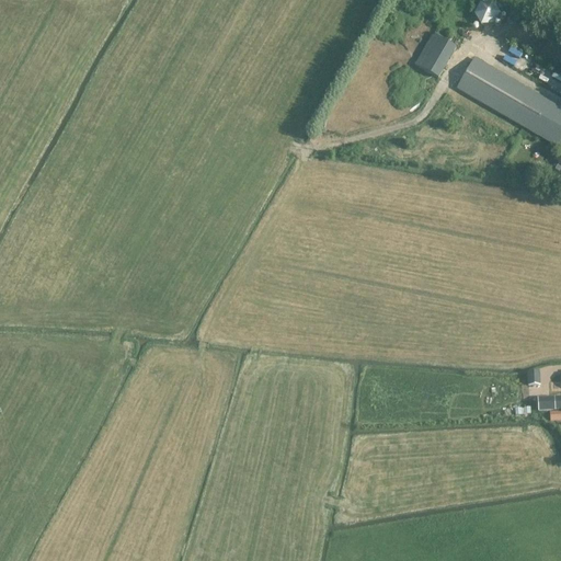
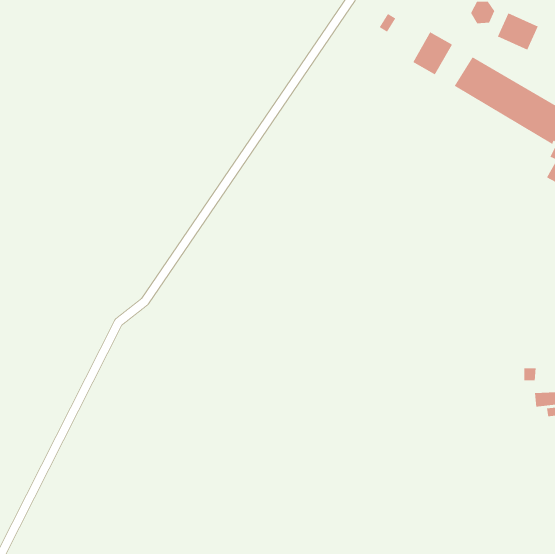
building: none -> [497,12,539,51]

